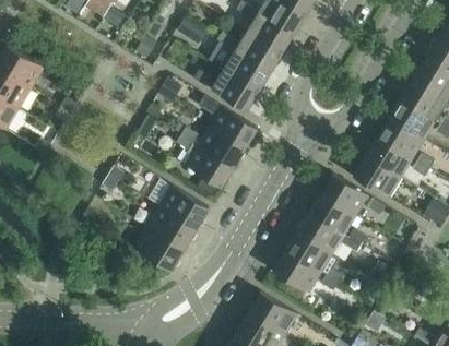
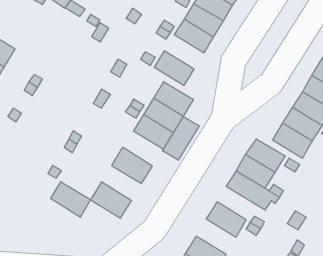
building: [223,49,271,91] -> none
building: none -> [162,116,199,160]
building: [147,206,196,249] -> [51,182,91,217]
building: [286,231,333,272] -> none

